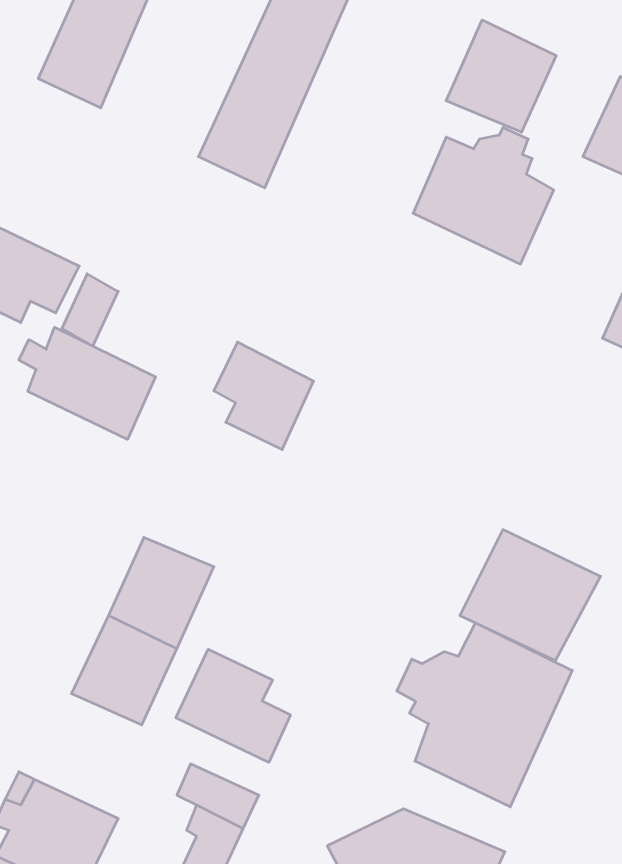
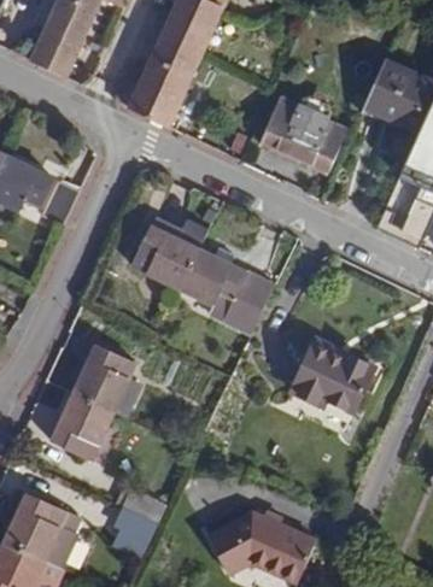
building: [446,20,556,132] -> none
building: [19,327,156,439] -> none
building: none -> [180,245,275,331]
building: [397,623,572,807] -> none
building: [176,649,290,762] -> none

